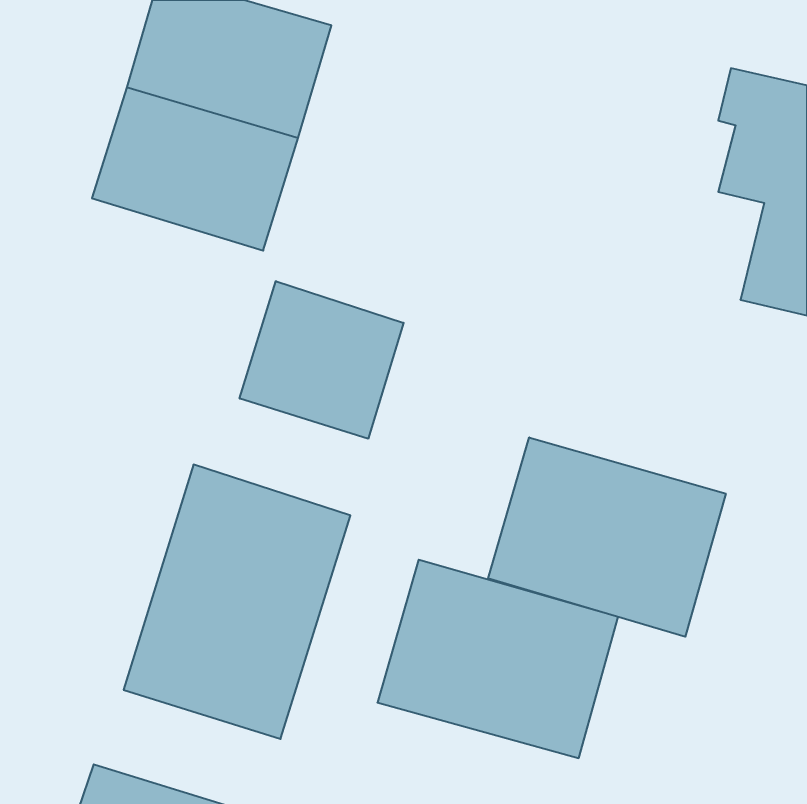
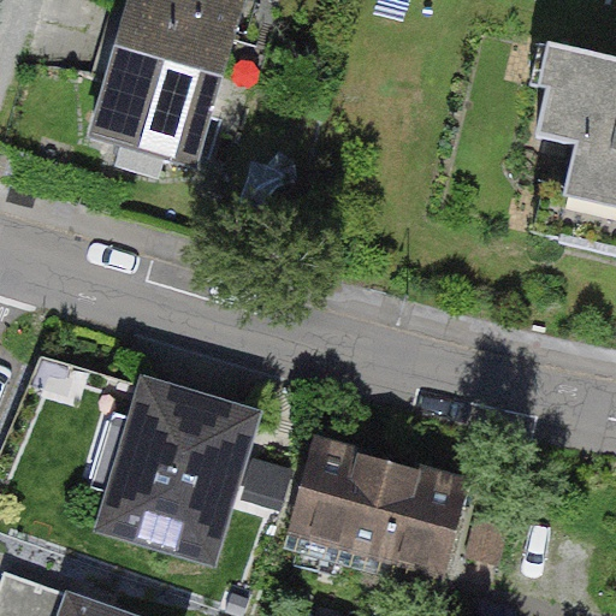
building: [240,281,404,439] -> none
building: [488,437,726,637] -> none

